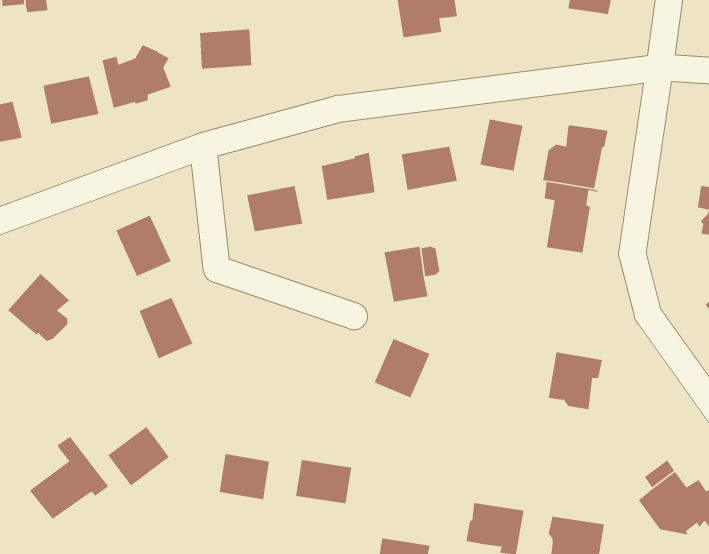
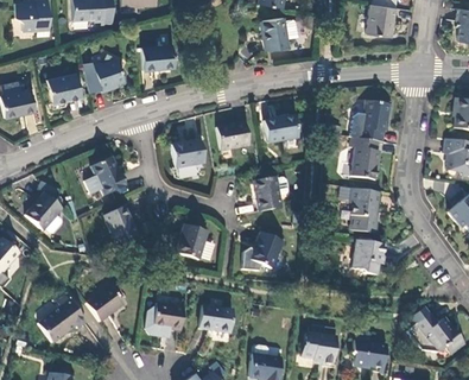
building: [480,119,524,172] -> none
building: none -> [341,186,380,233]
building: none -> [176,224,208,260]

